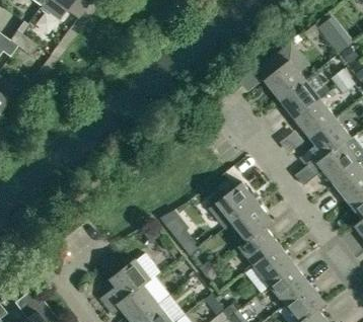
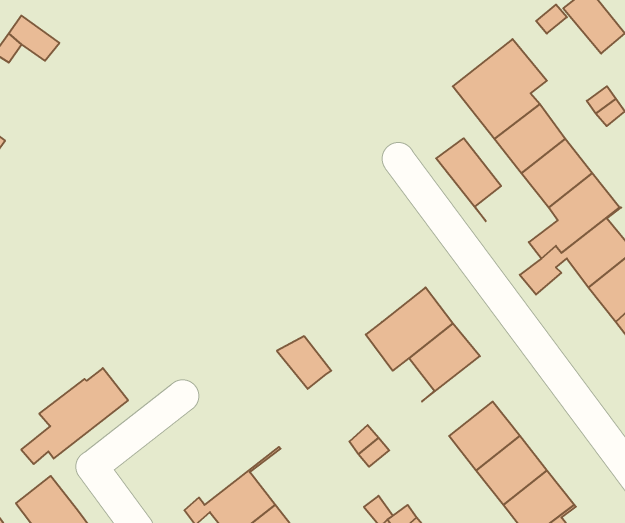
building: none -> [436,138,501,221]
building: [240,221,280,265] -> none
building: [100,253,160,307] -> [21,368,128,464]

